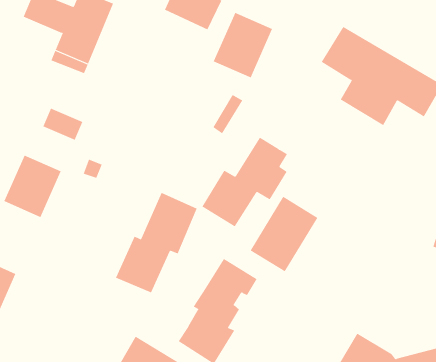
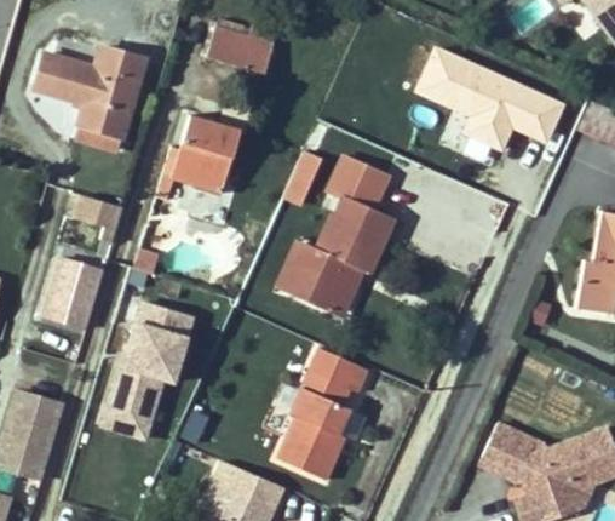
building: [213,12,273,78] -> [172,114,241,193]
building: none -> [331,158,386,210]
building: [115,192,198,293] -> [105,302,196,428]
building: [250,196,318,272] -> none

